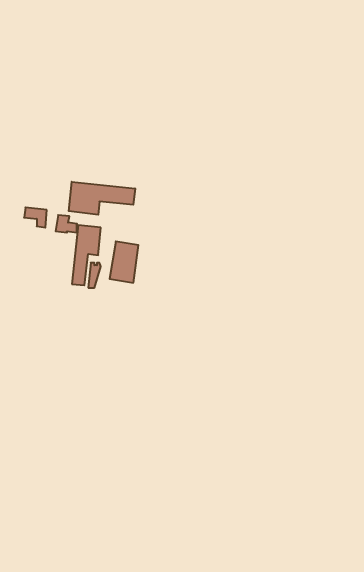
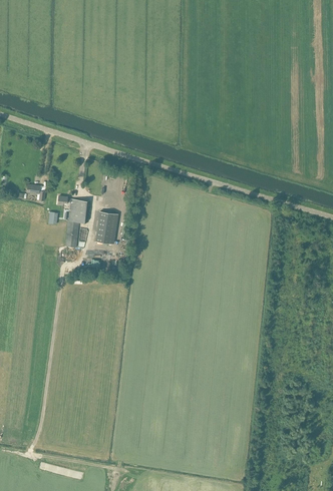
building: [69,182,135,215] -> none

